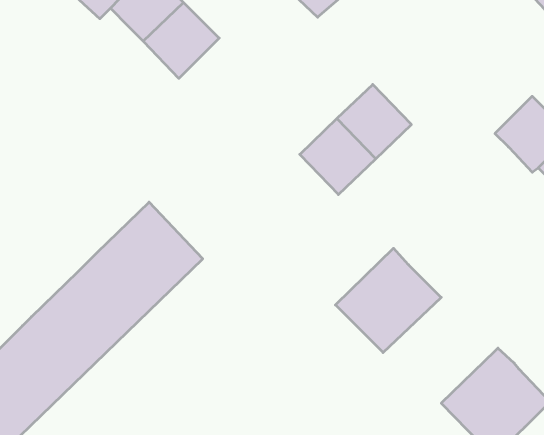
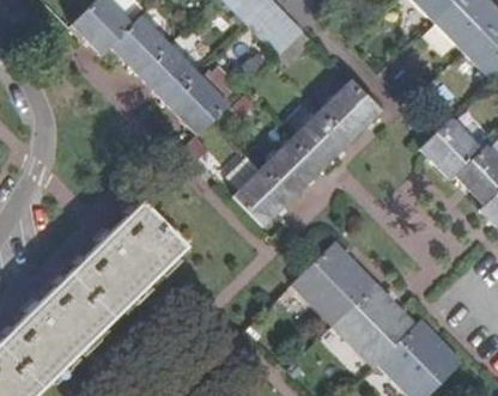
building: none -> [165,71,229,134]
building: none -> [321,78,383,140]
building: none -> [225,152,293,225]
building: none -> [329,279,419,367]

